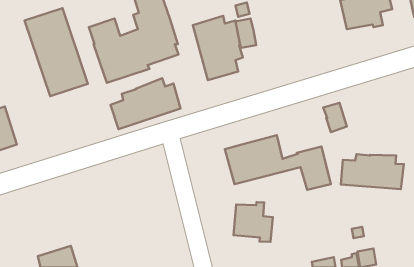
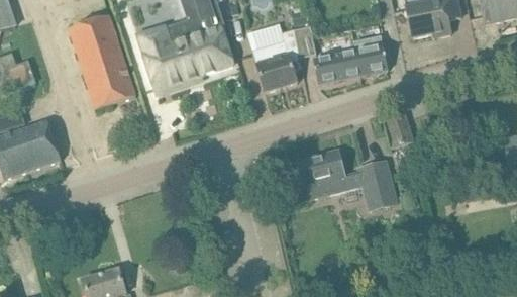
building: none -> [314,32,388,83]
building: [111,78,181,129] -> none
building: [341,154,404,189] -> none
building: [234,202,273,242] -> none

